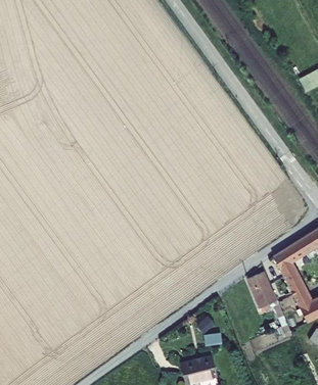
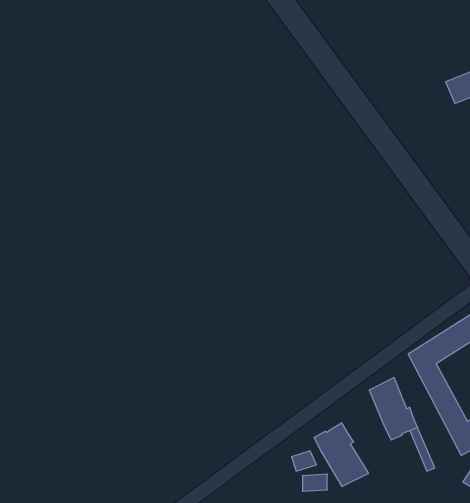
building: none -> [314,423,368,487]

